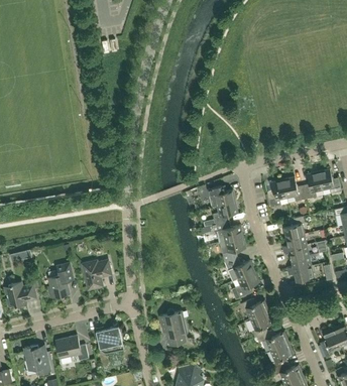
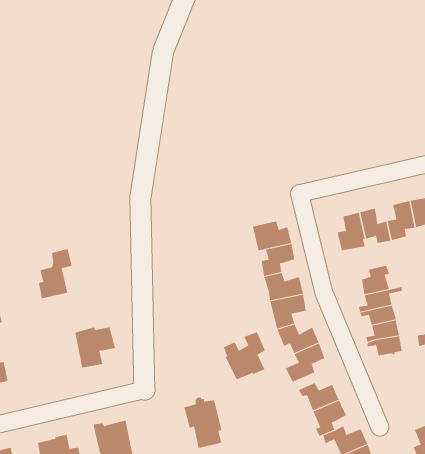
building: [47,263,72,298] -> [38,249,73,299]
building: none -> [223,332,266,380]

